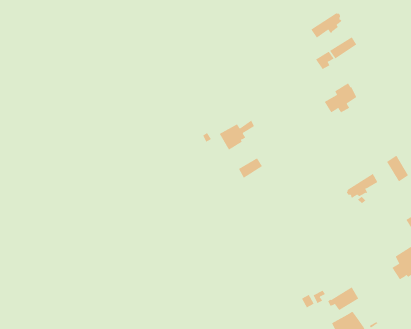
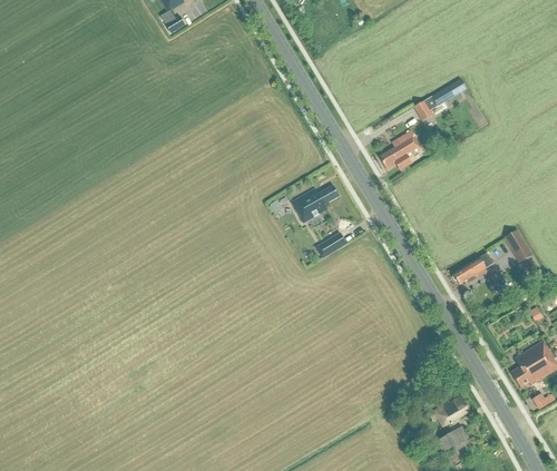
building: [311,12,343,39] -> none
building: [324,82,357,113] -> [380,130,422,169]

